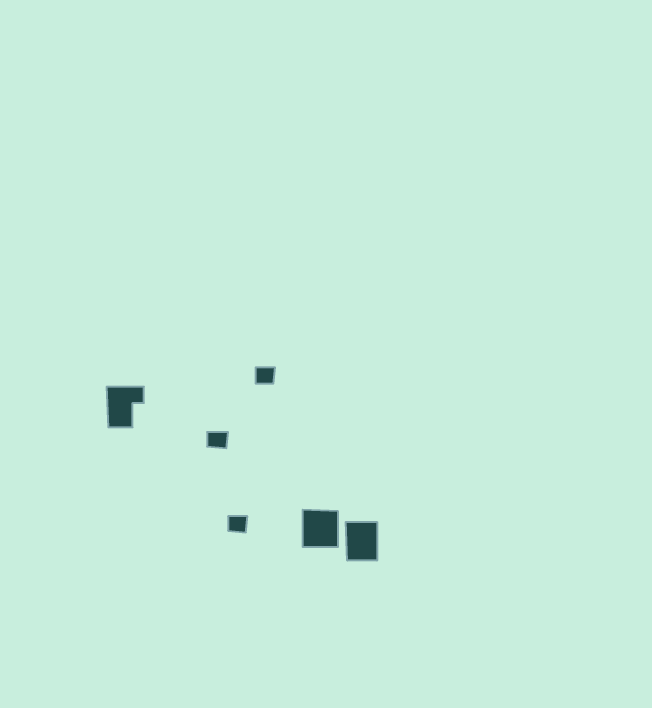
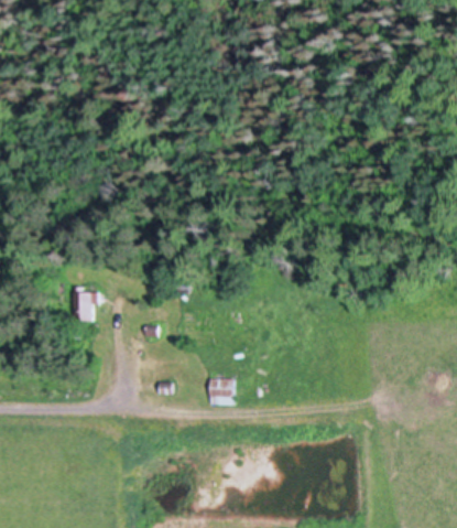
building: [346,522,377,561] -> none

